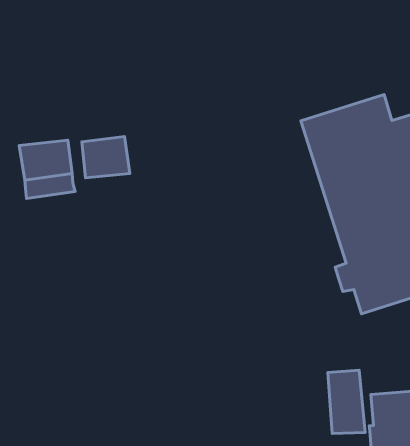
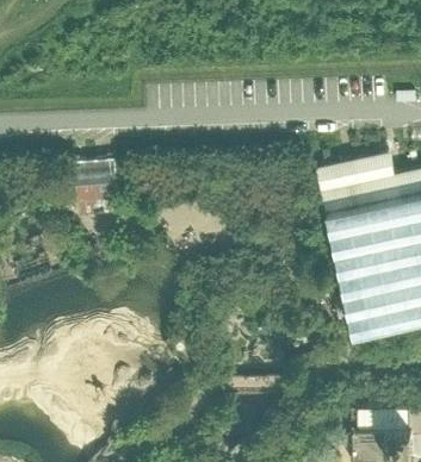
building: [82,137,130,178] -> none
building: [328,370,365,433] -> none

